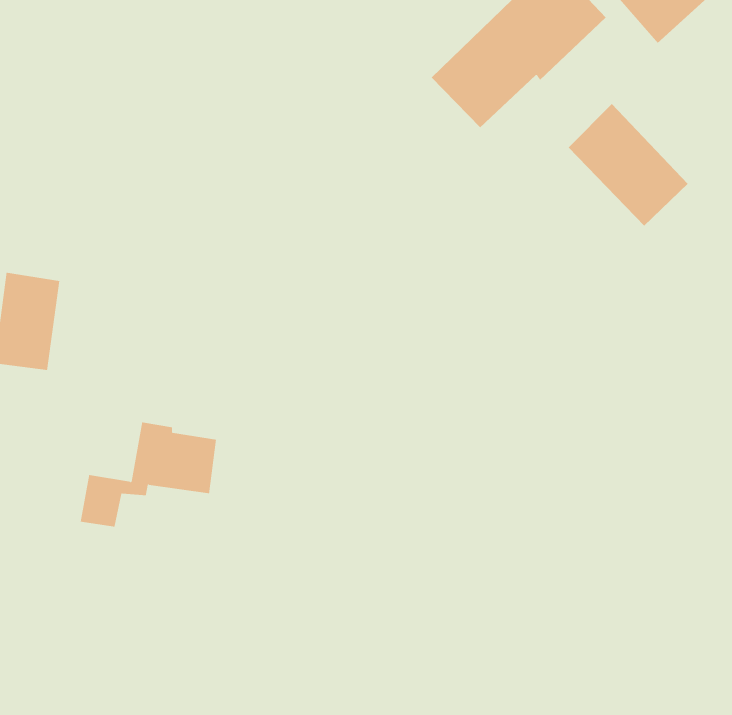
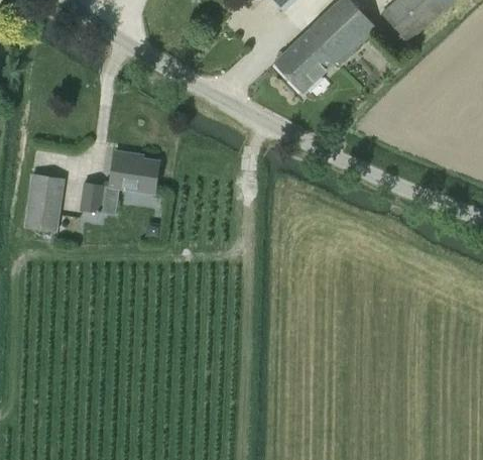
building: [568,103,688,226] -> none
building: [80,422,217,527] -> [80,151,158,212]

